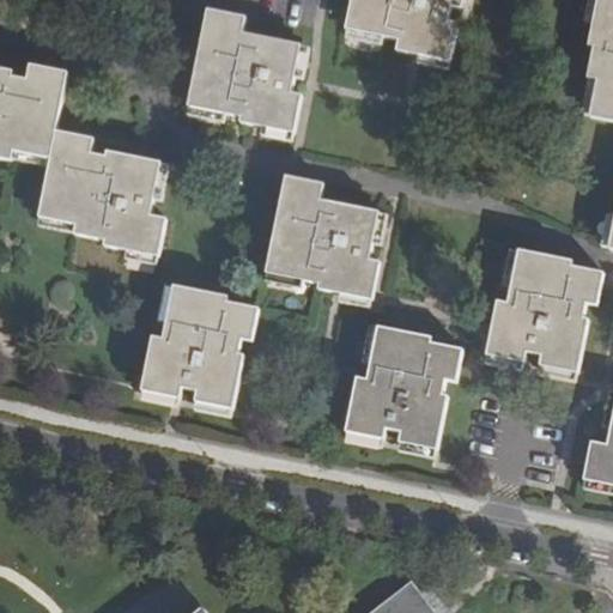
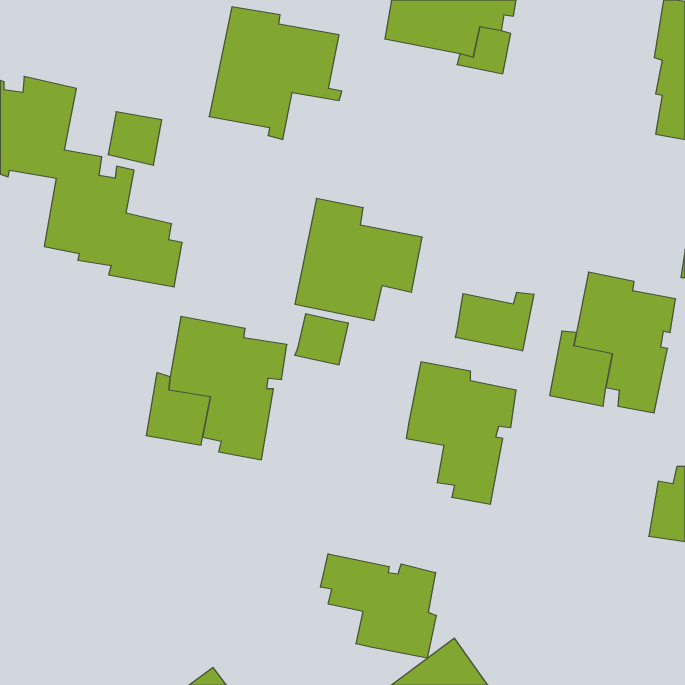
building: [253,83,303,133] -> none
building: [113,152,160,200] -> [108,112,162,165]
building: [332,255,380,301] -> [295,314,348,365]
building: none -> [456,292,534,351]
building: [345,376,396,441] -> none
building: none -> [321,554,436,658]

